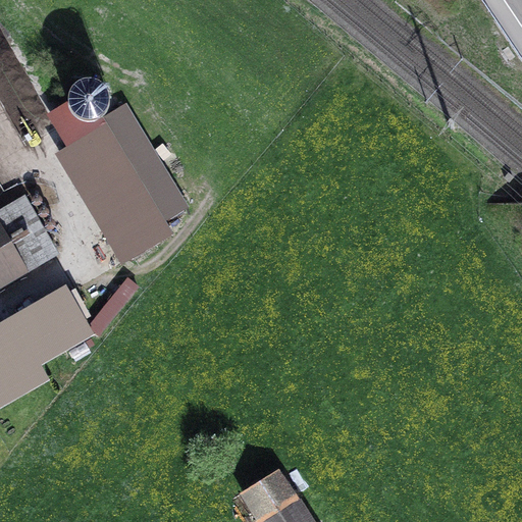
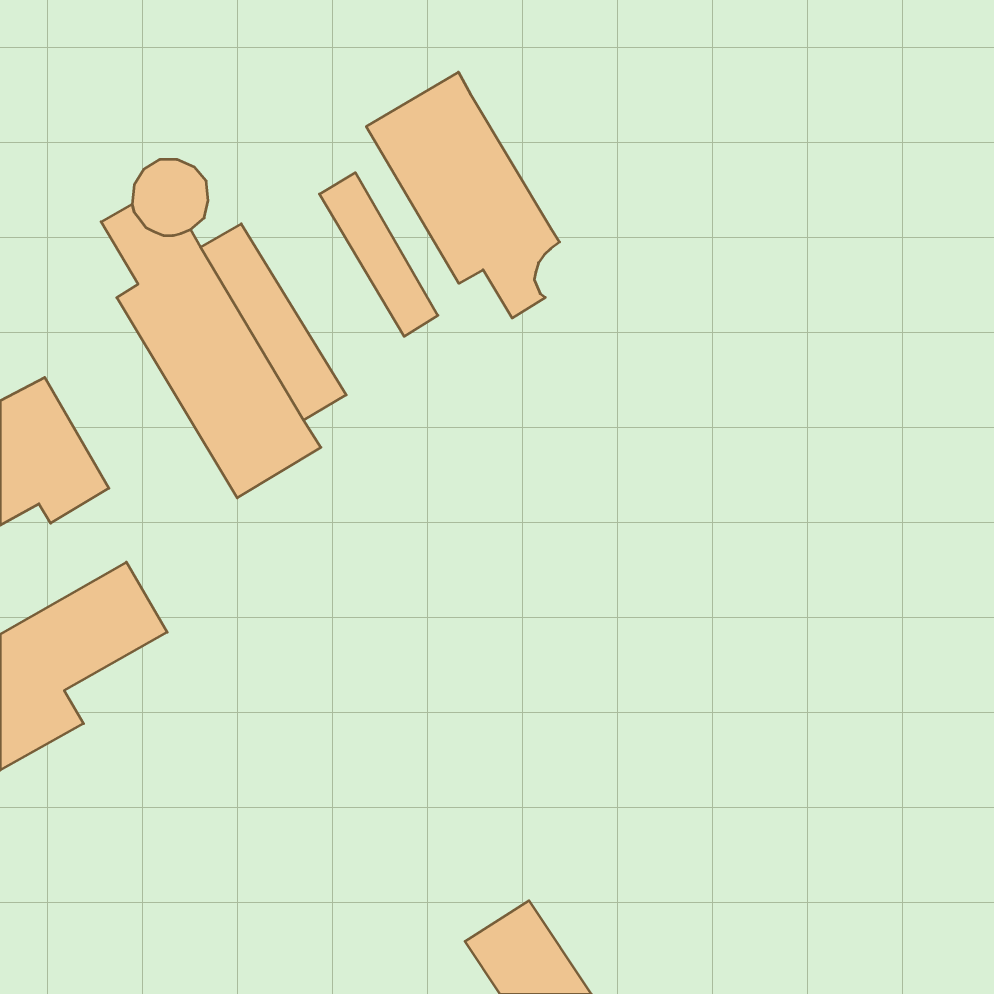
building: none -> [366,72,560,318]
building: none -> [319,173,438,336]

